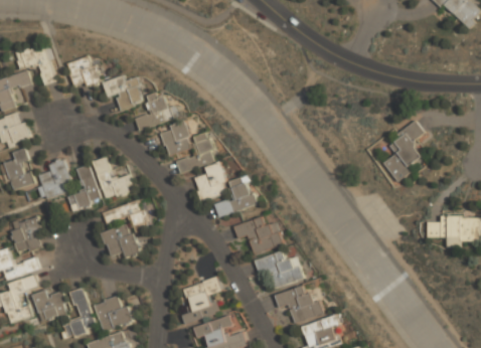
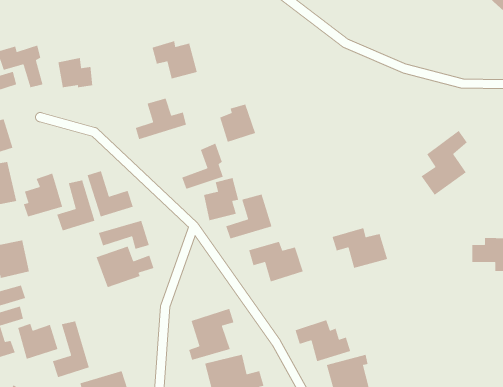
building: [103,76,143,111] -> [152,40,198,80]
building: [160,123,192,157] -> [219,103,256,143]
building: [254,252,303,289] -> [332,227,388,269]
building: [94,296,133,331] -> none

